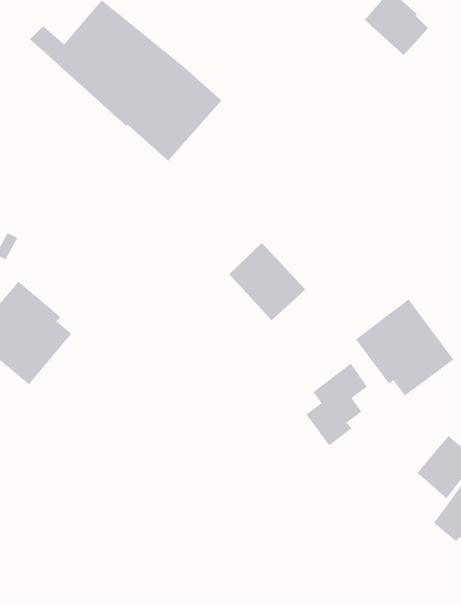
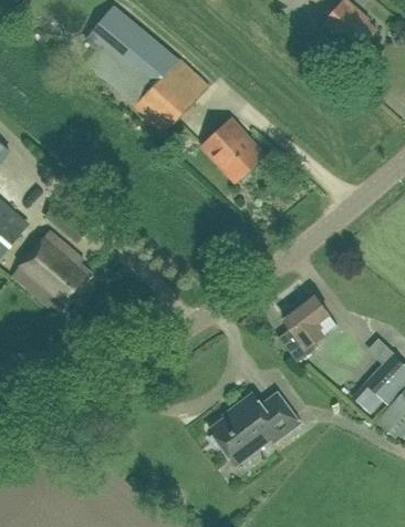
building: [228,242,306,321] -> [201,118,263,182]
building: [355,299,454,397] -> none
building: none -> [208,392,298,458]

